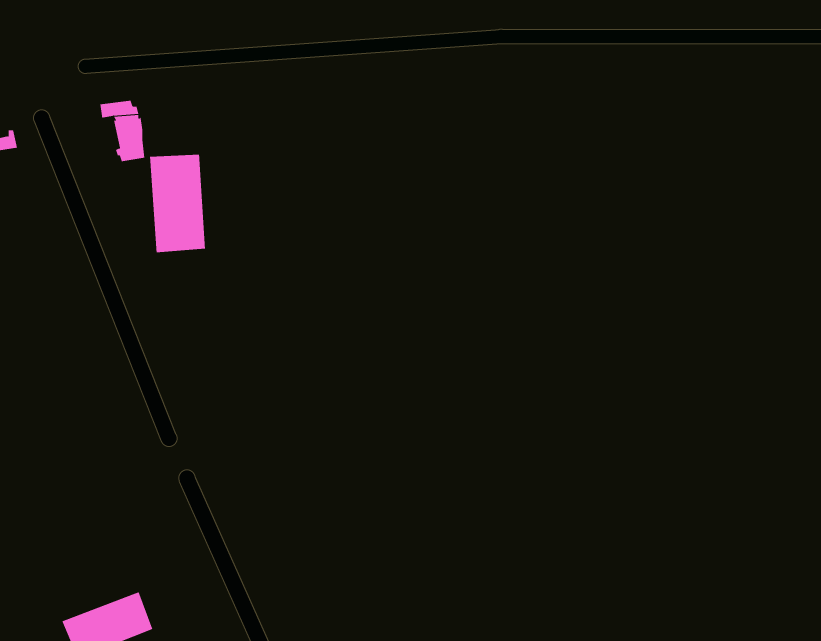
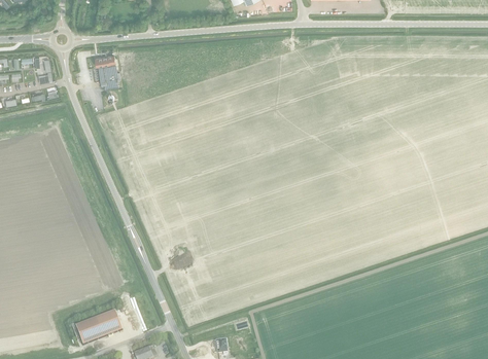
building: [149,154,205,253] -> none

